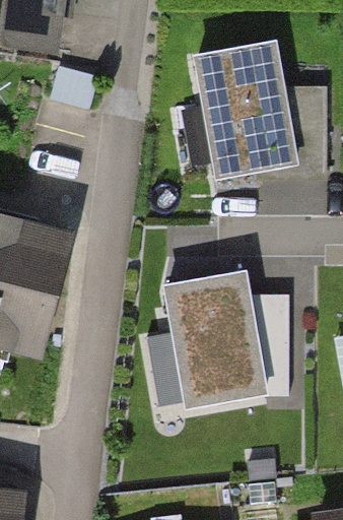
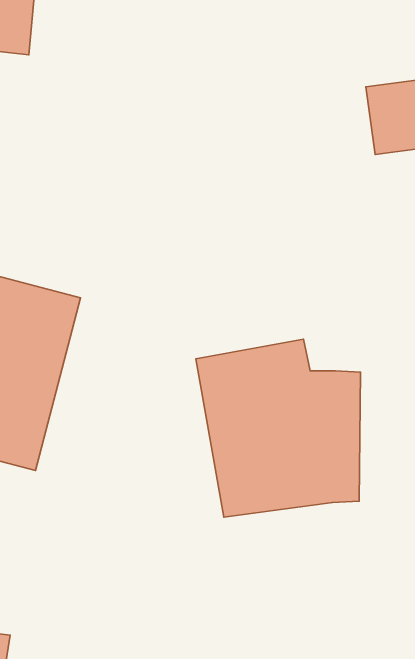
building: [176,37,281,172] -> none

